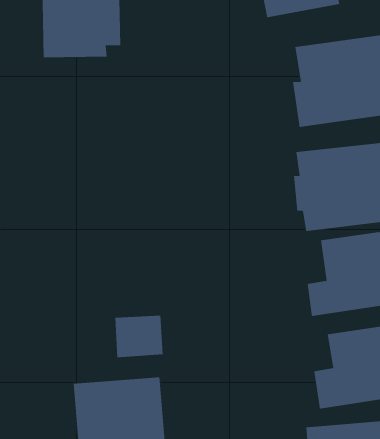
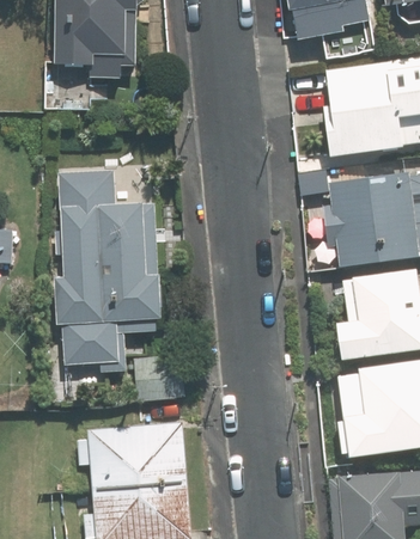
building: none -> [51,169,159,362]

